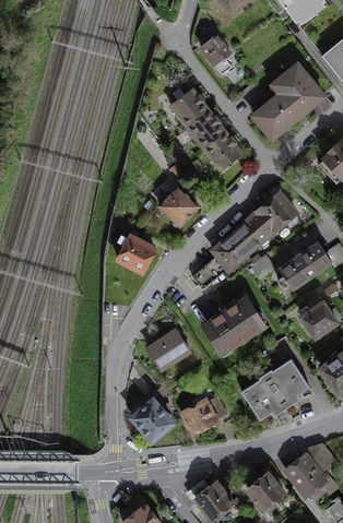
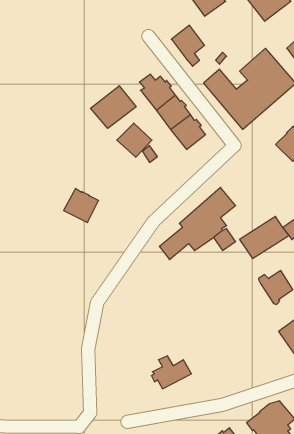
building: none -> [91,86,136,128]
building: [158,187,197,224] -> [117,123,152,157]
building: [257,192,295,230] -> none
building: [116,235,154,272] -> [64,189,99,223]
building: [201,297,264,354] -> none
building: [146,330,188,369] -> none
building: [240,359,308,418] -> none
building: [131,399,172,439] -> none

